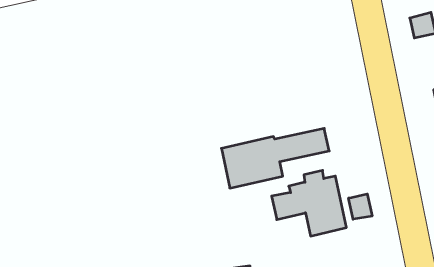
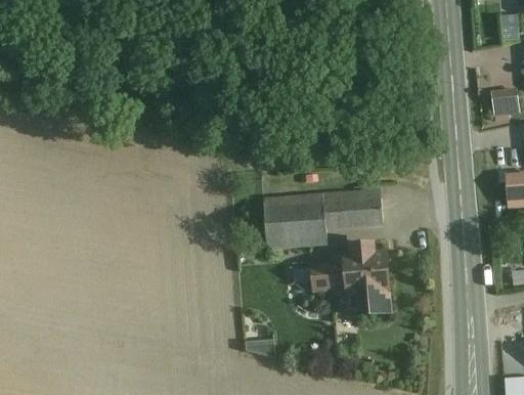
building: [349,194,372,219] -> none

